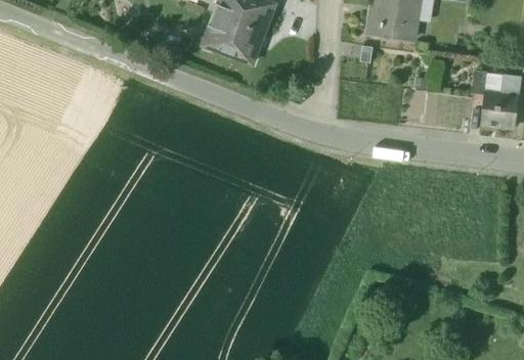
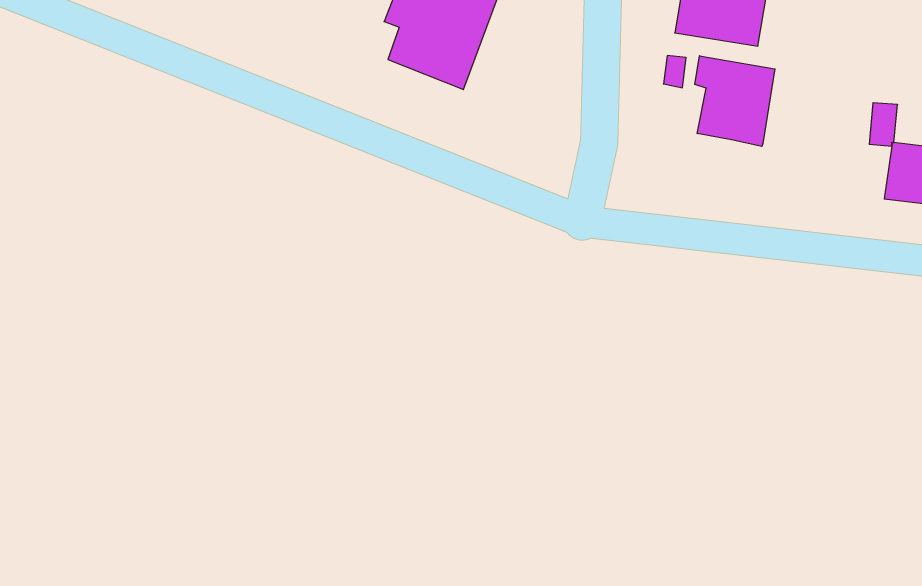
building: none -> [695,56,775,146]

